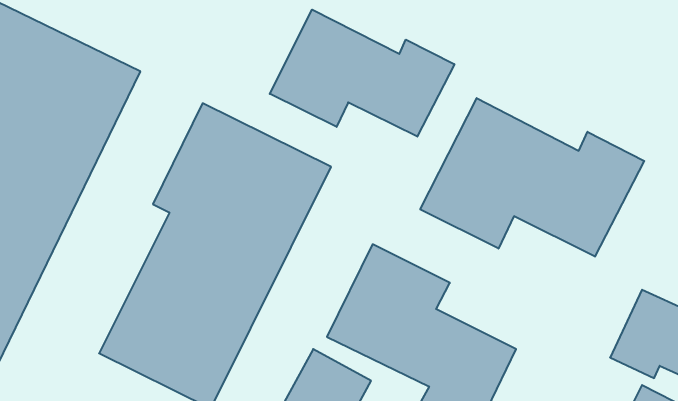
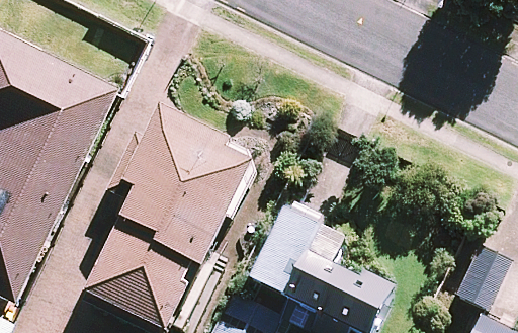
building: [270,10,454,137] -> none
building: [420,98,644,257] -> none

